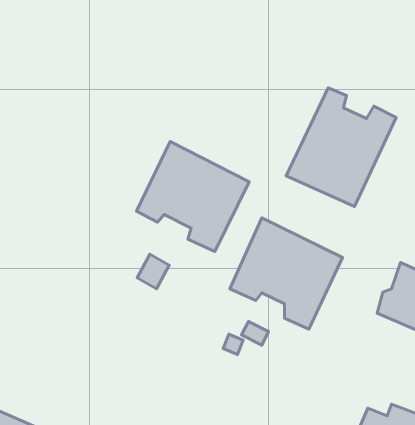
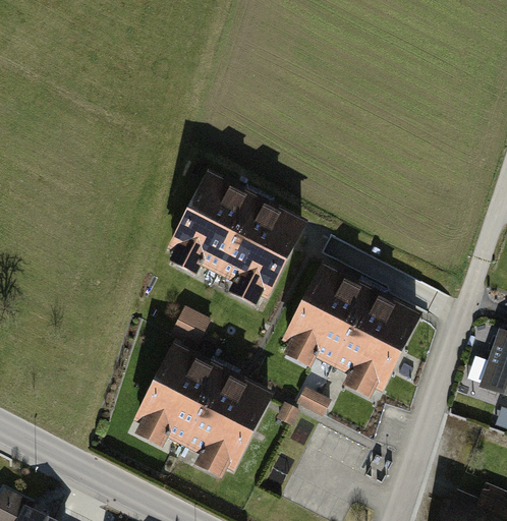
building: [286,88,396,206] -> none
building: none -> [134,349,271,478]

